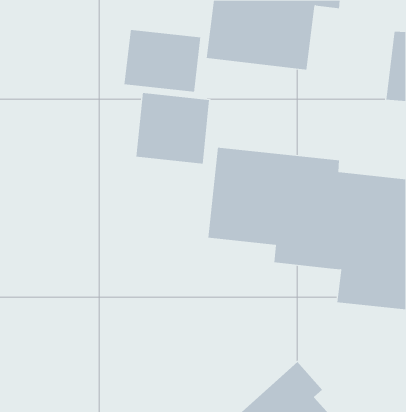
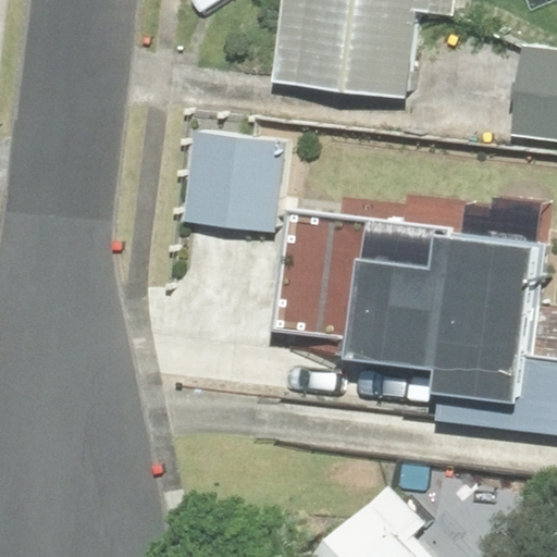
building: [124,29,201,92] -> none

